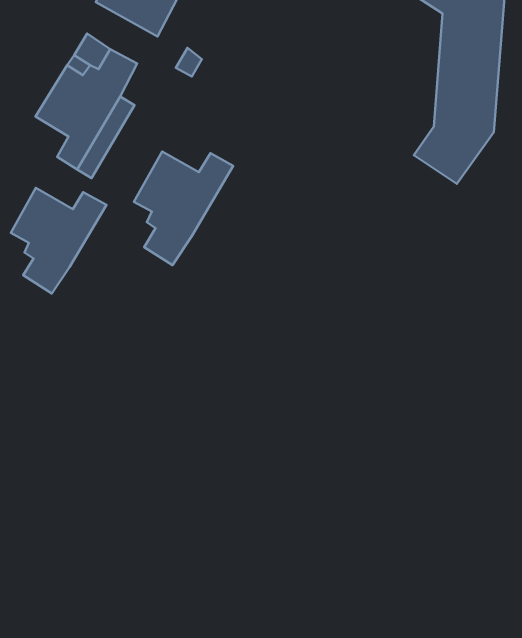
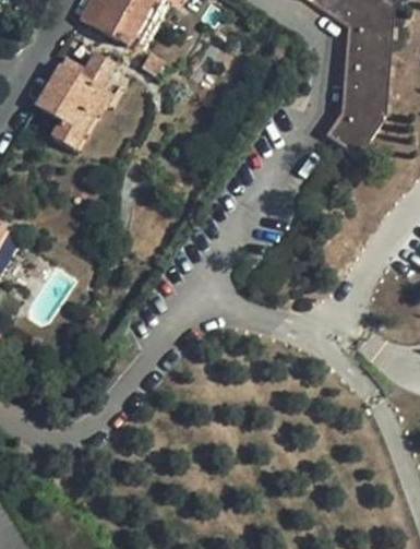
building: [134,151,233,265] -> none
building: [11,188,106,294] -> none

